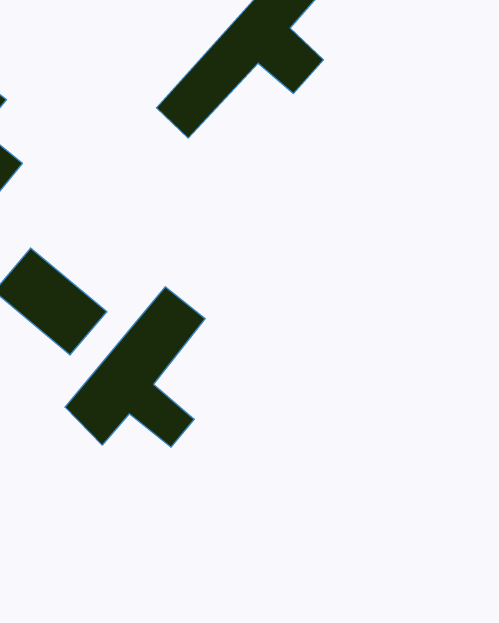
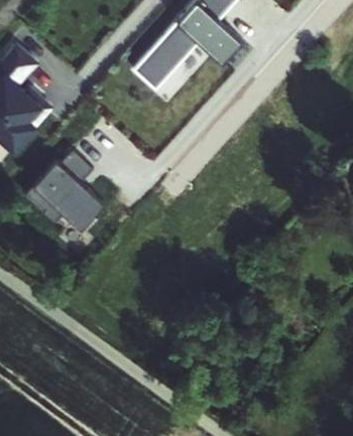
building: [65,287,205,447] -> none

